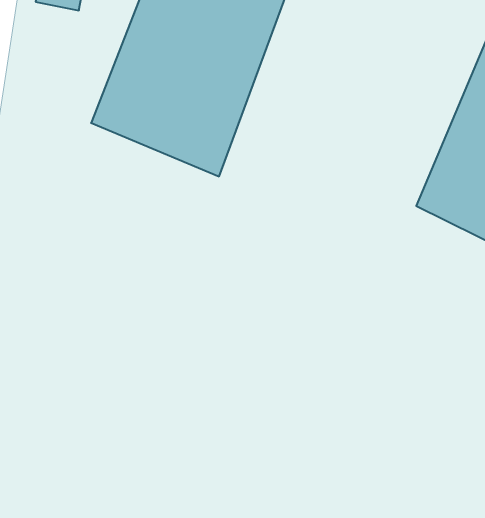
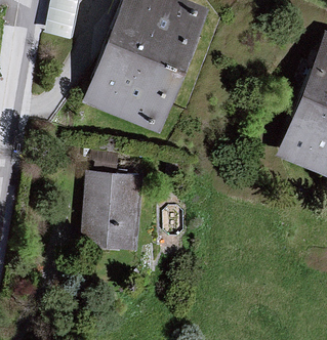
building: none -> [79,171,144,249]

